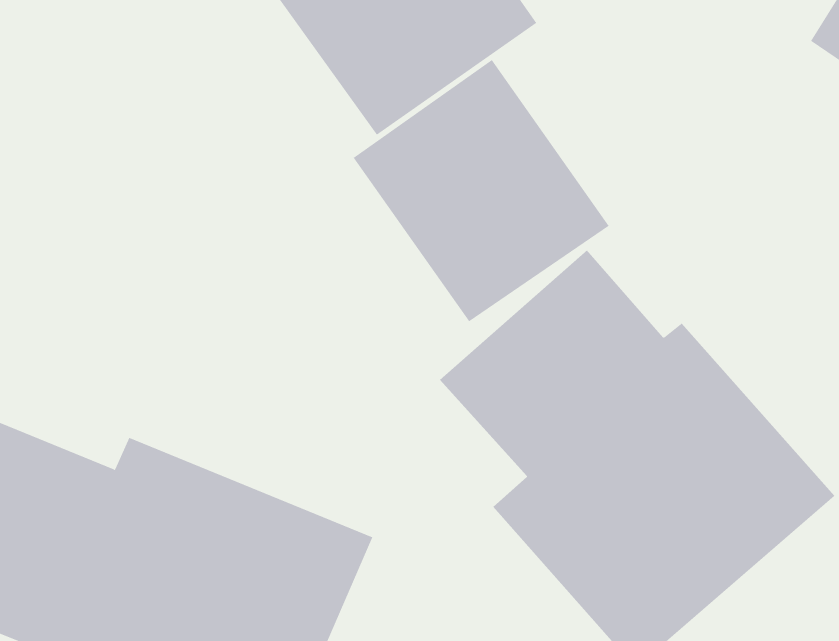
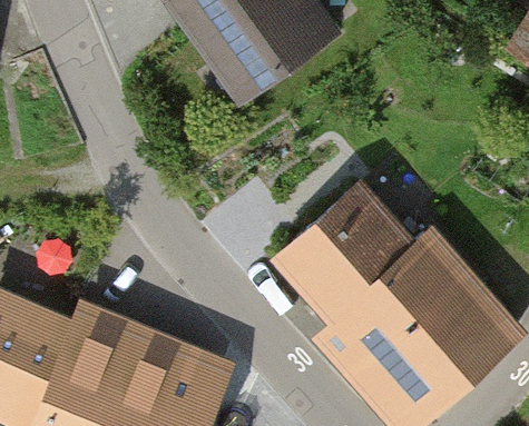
building: [353,59,609,322] -> none

